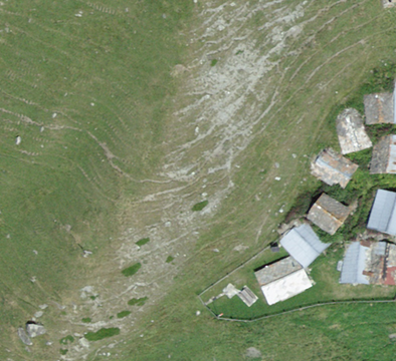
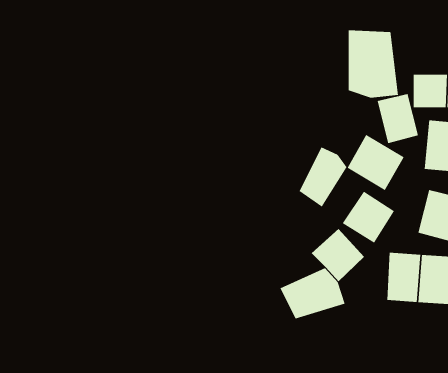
building: none -> [348,30,399,98]
building: none -> [299,146,347,208]

